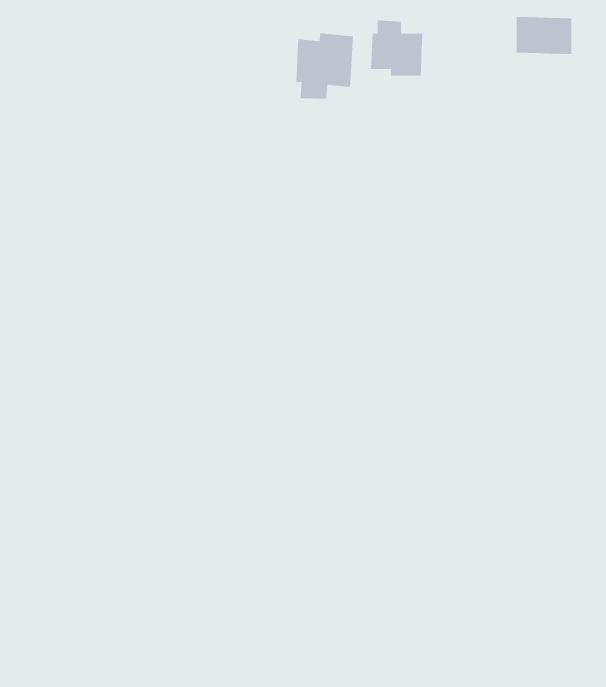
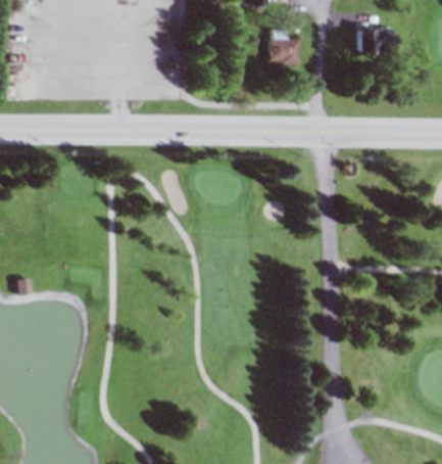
building: [296,32,353,100] -> none

